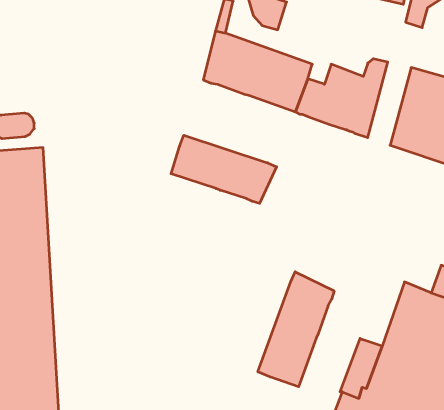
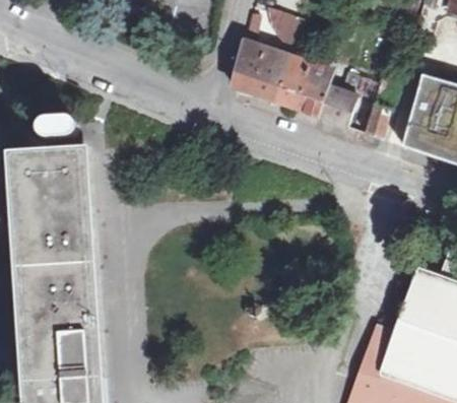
building: [171,135,277,203] -> none
building: [258,272,334,387] -> none

